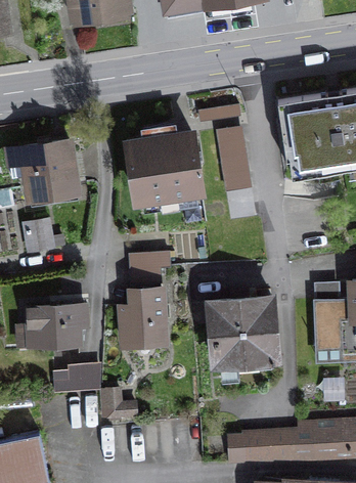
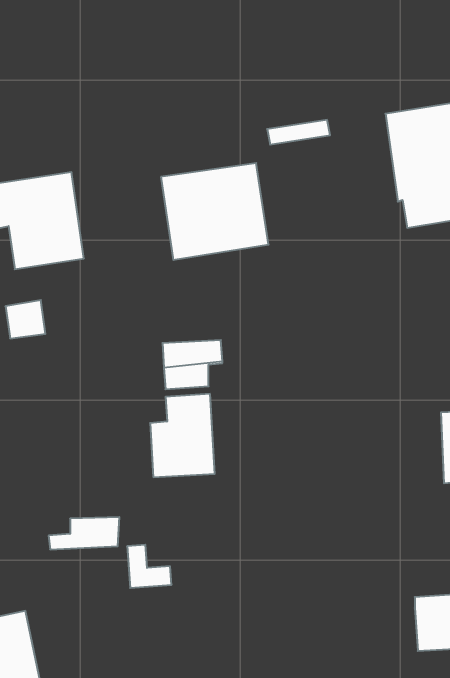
building: [217,128,247,189] -> none
building: [210,297,276,363] -> none
building: [29,305,87,344] -> none
building: [244,430,300,462] -> none

